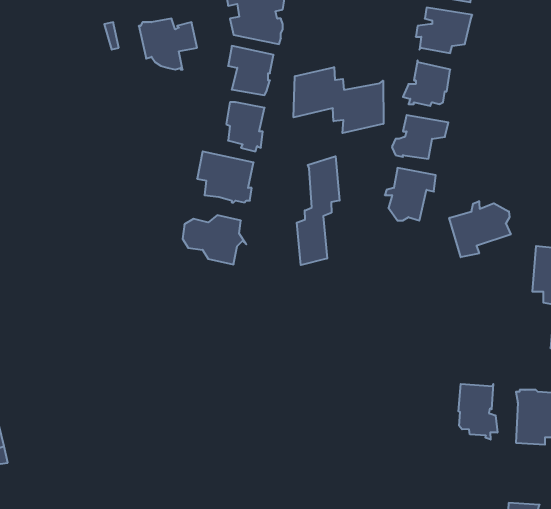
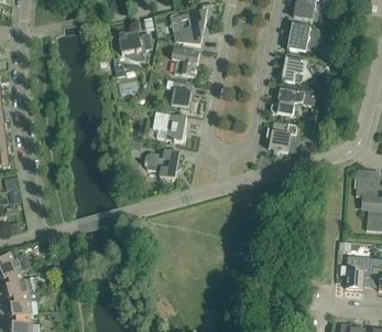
building: [294,67,383,133] -> none
building: [297,156,340,265] -> none
building: [449,201,511,257] -> none
building: [458,384,497,440] -> none

